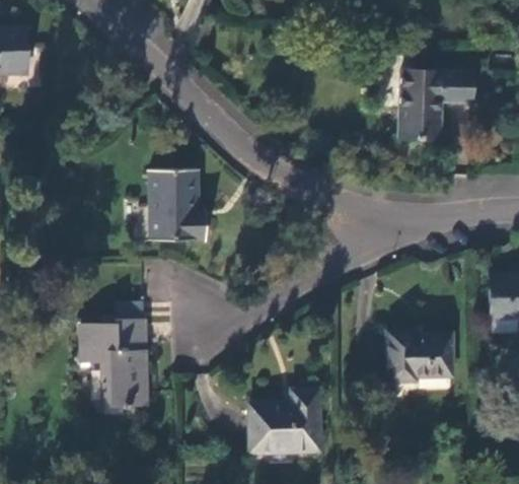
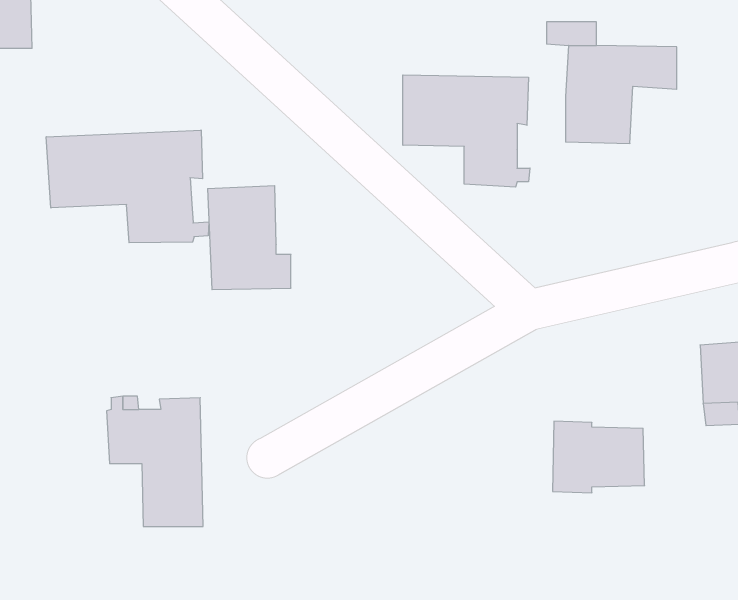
building: none -> [403,75,530,187]
building: none -> [46,130,209,243]
building: [250,391,320,453] -> none

